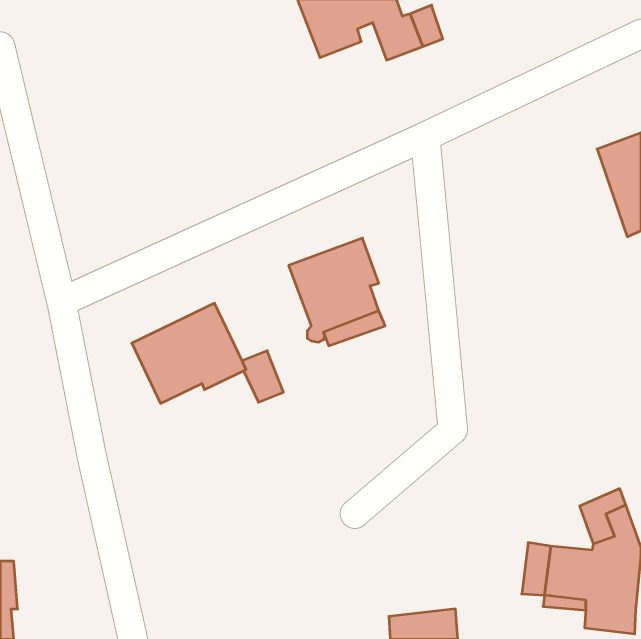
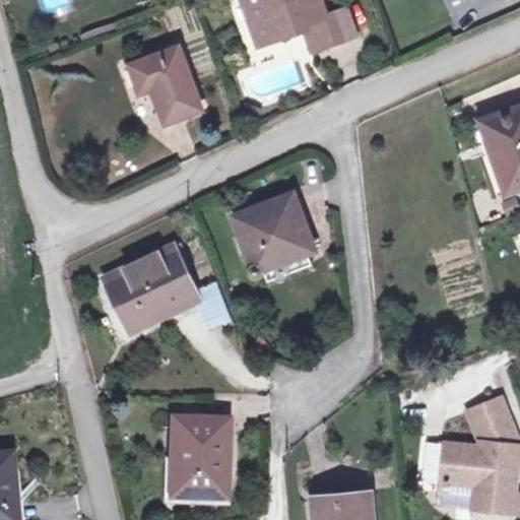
building: none -> [132,48,201,121]
building: none -> [173,420,228,497]

